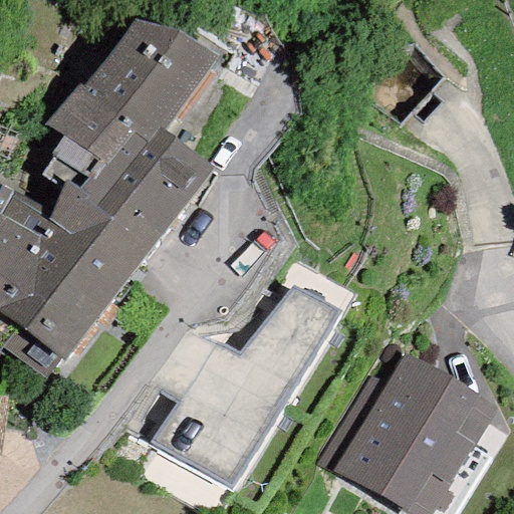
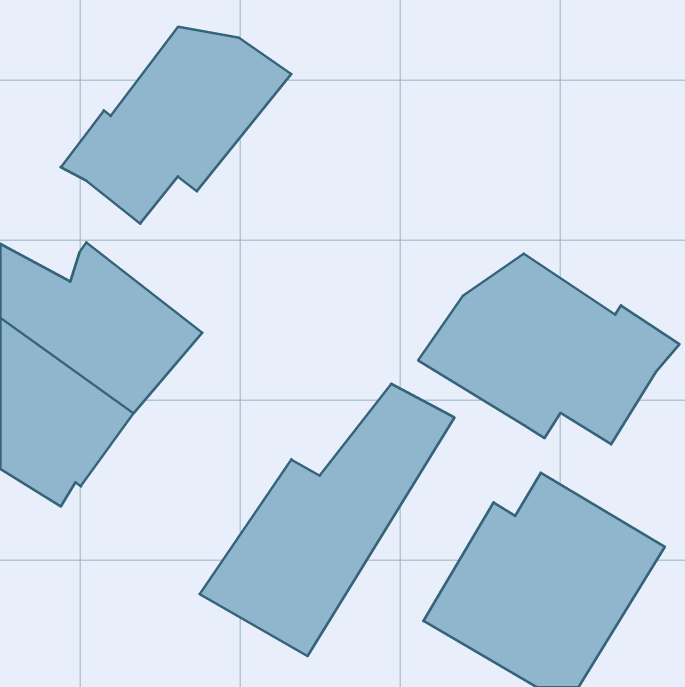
building: [43,128,214,248] -> none
building: none -> [418,254,679,444]

